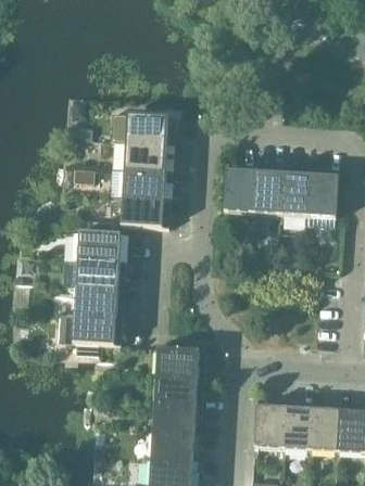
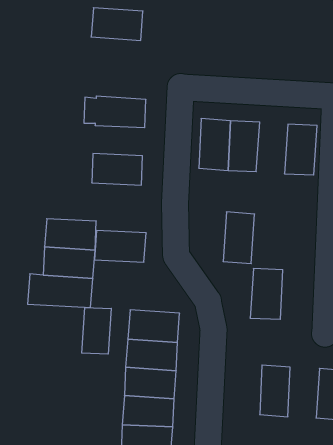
building: [126,114,176,145] -> [91,8,143,40]
building: [280,167,311,217] -> [223,212,255,264]
building: [123,170,173,200] -> none
building: [78,232,128,263] -> [94,231,146,262]
building: none -> [82,307,111,354]
building: [254,400,286,449] -> [250,269,283,319]
building: [311,404,341,452] -> none

